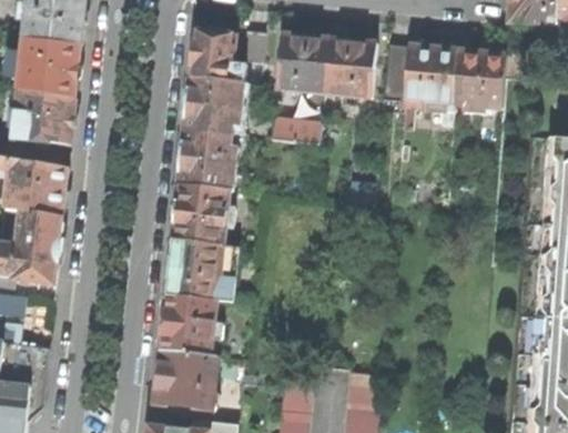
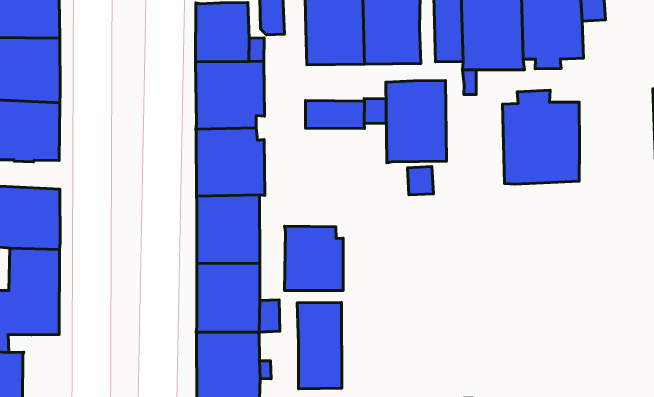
building: none -> [386,80,447,163]
building: none -> [503,90,580,184]
building: none -> [285,226,343,291]
building: none -> [297,303,342,389]

